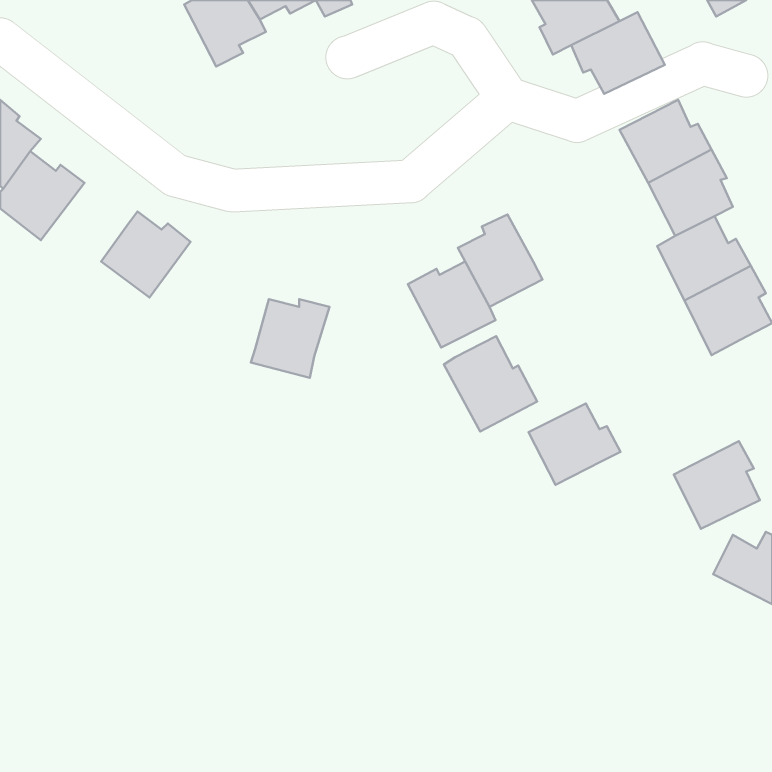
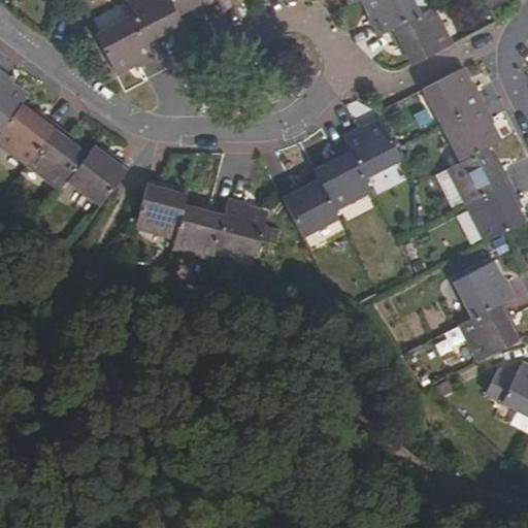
building: none -> [95,15,155,74]
building: none -> [341,120,401,178]
building: none -> [28,125,88,190]
building: none -> [135,179,186,238]
building: none -> [214,197,268,255]
building: [444,336,537,431] -> none
building: [528,403,621,485] -> [454,262,517,318]

